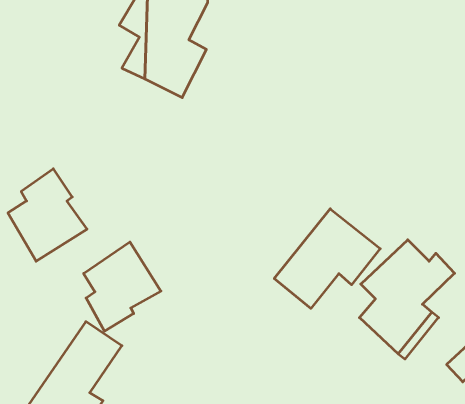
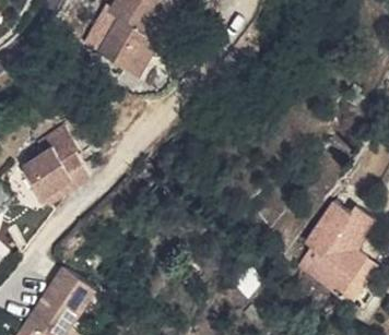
building: [274,209,380,308] -> none
building: [84,242,161,331] -> none

